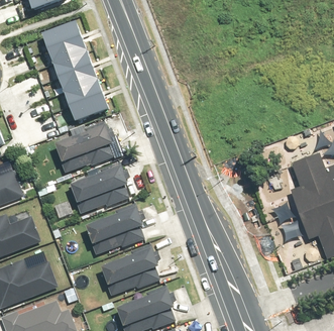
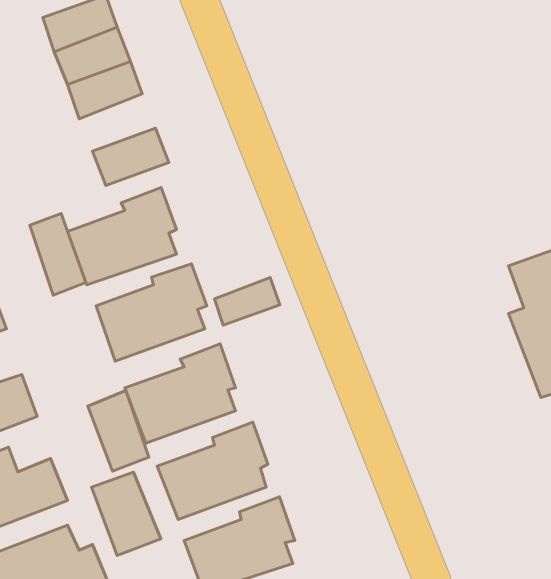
building: [61,72,101,102] -> none
building: none -> [30,213,86,295]
building: none -> [214,278,280,325]
building: none -> [88,391,149,471]
building: none -> [91,472,161,555]

